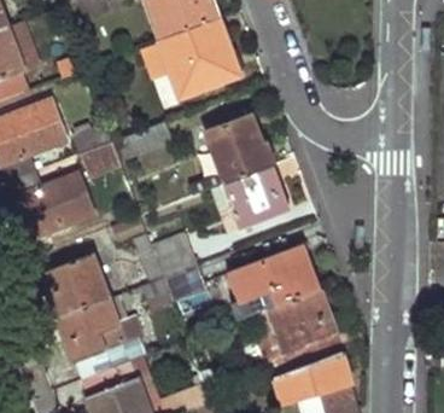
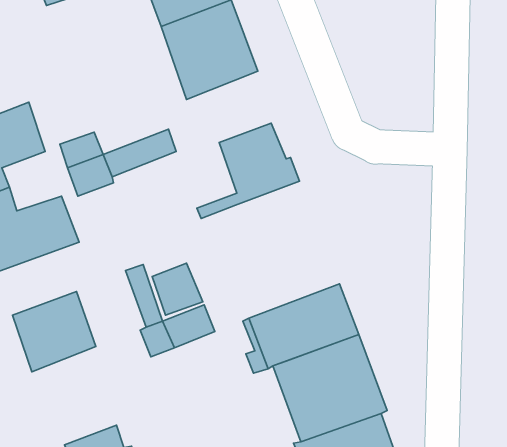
building: [222,163,291,228] -> none
building: [57,297,145,360] -> none

